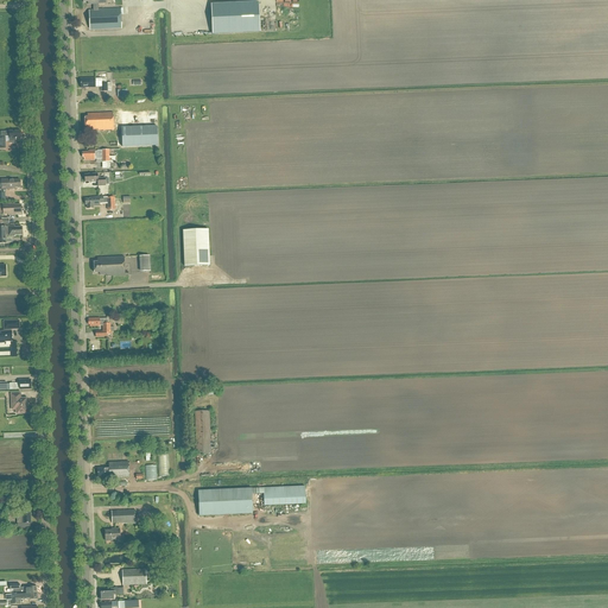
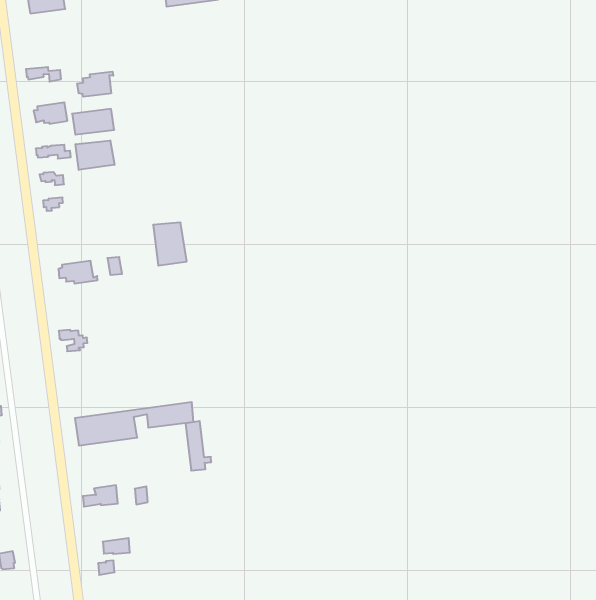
building: none -> [77,72,113,97]
building: none -> [76,140,114,170]
building: [198,484,305,514] -> [75,402,194,445]

